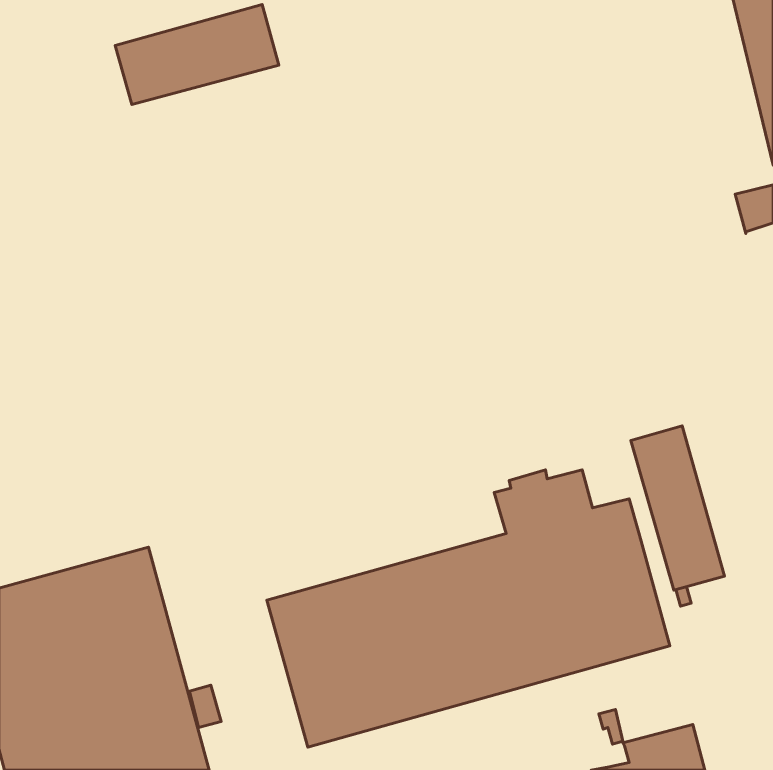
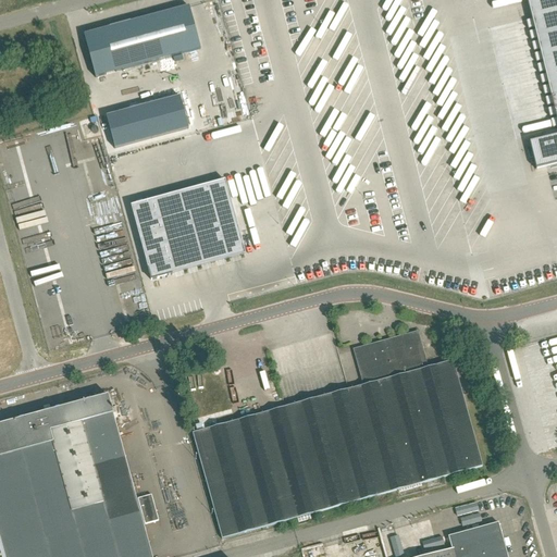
building: none -> [104,94,187,146]
building: none -> [129,177,244,277]
building: [631,426,724,590] -> none

